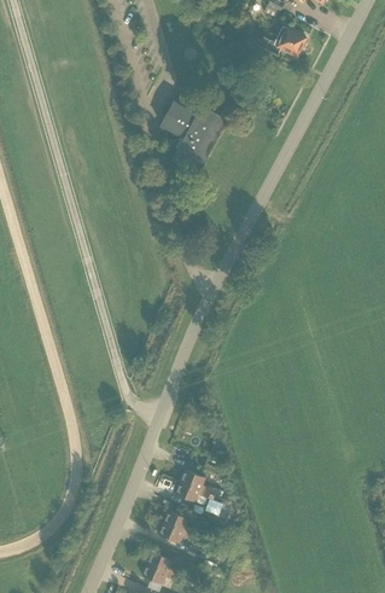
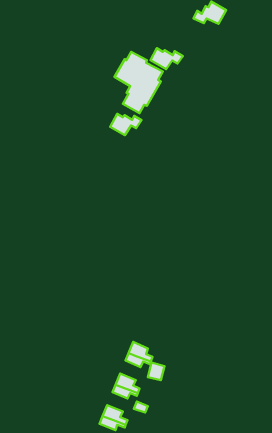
building: none -> [150,48,183,69]
building: none -> [110,114,142,135]

